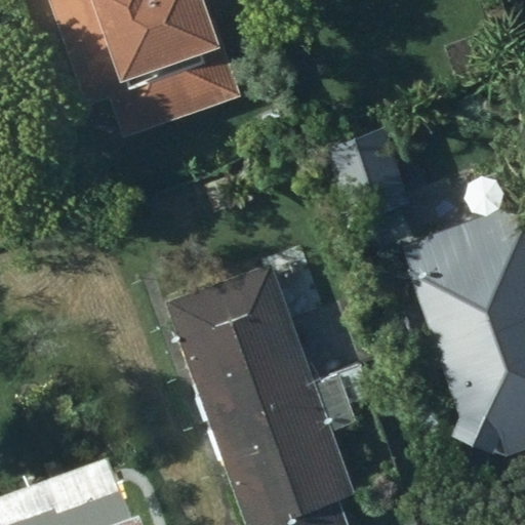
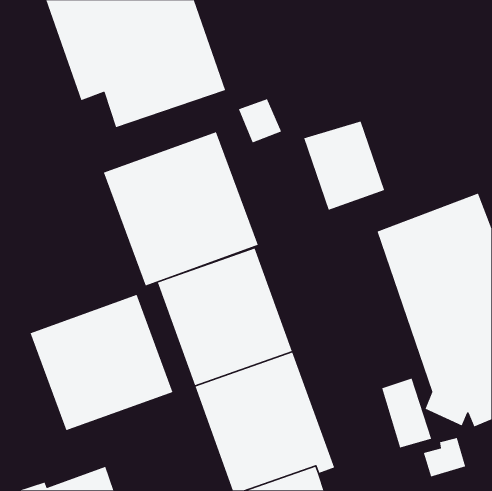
building: none -> [103,131,259,286]
building: none -> [29,294,173,431]

